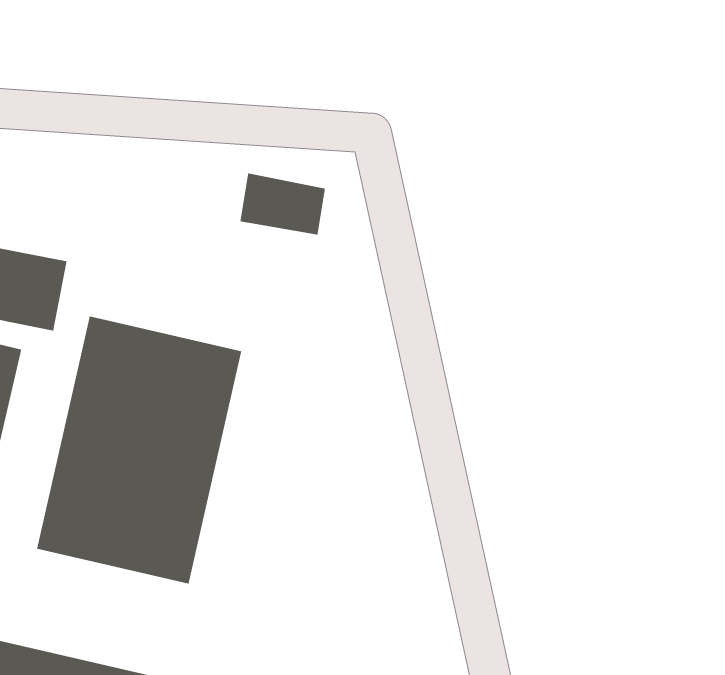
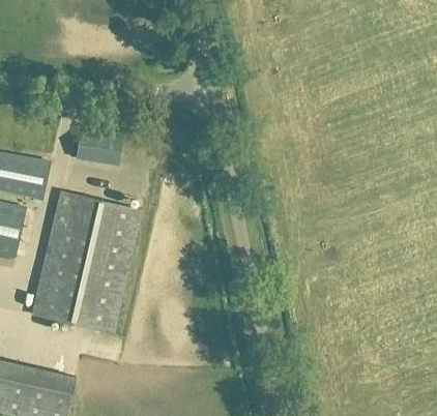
building: [239,173,326,235] -> [76,130,121,164]

